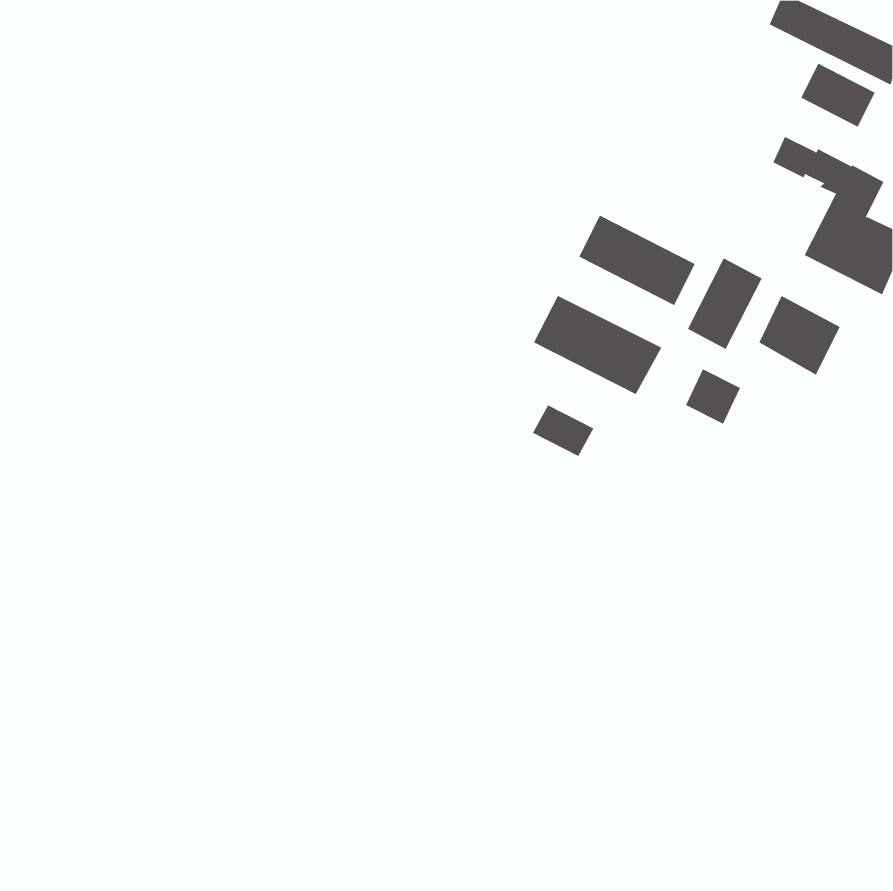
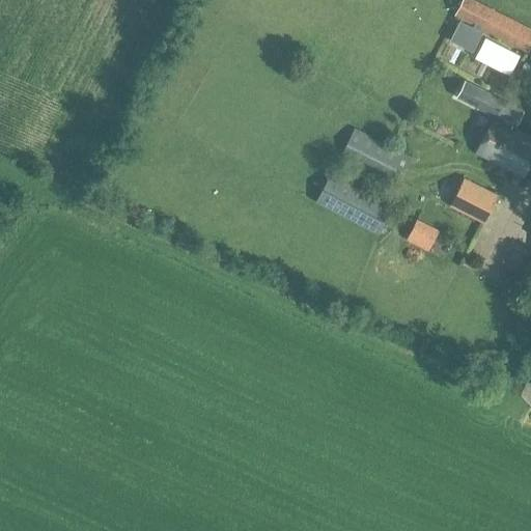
building: none -> [450,22,483,54]
building: [687,258,762,350] -> none
building: [532,404,594,457] -> none

